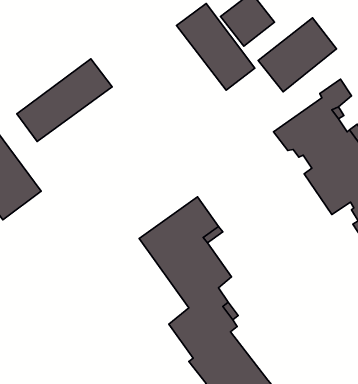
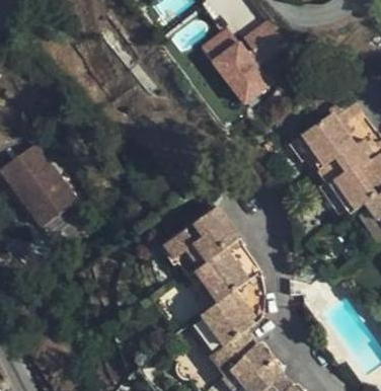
building: [258,18,336,92] -> none
building: [17,59,112,142] -> none

